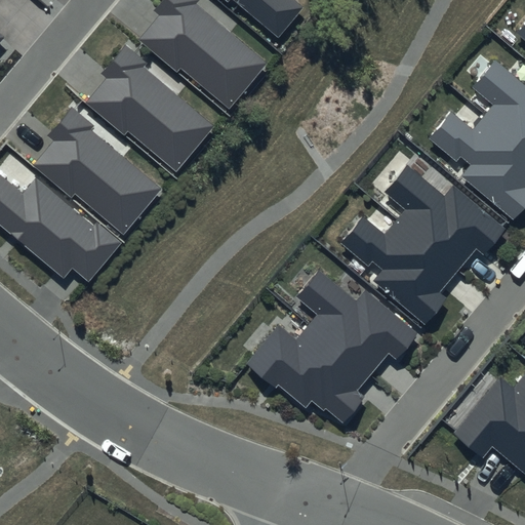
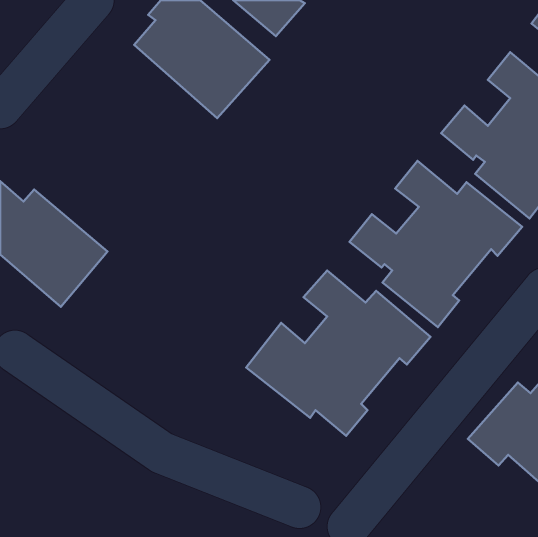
building: [83,50,212,183] -> none
building: [31,113,160,245] -> none

